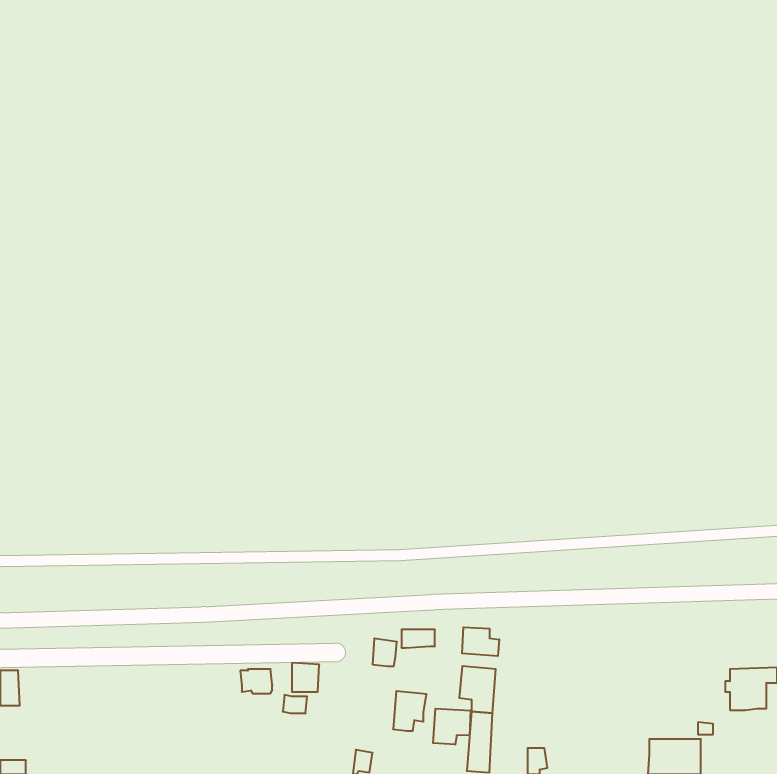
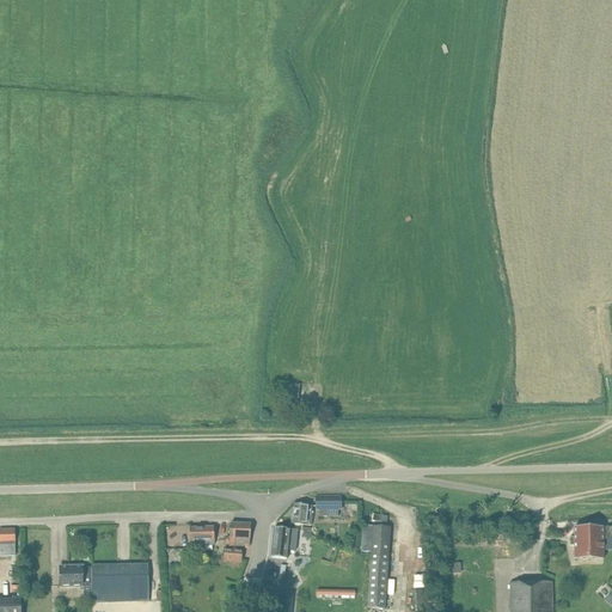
building: [462,627,499,656] -> none
building: [393,691,427,731] -> [271,526,298,557]
building: [433,709,470,745] -> none
building: none -> [59,563,148,600]

